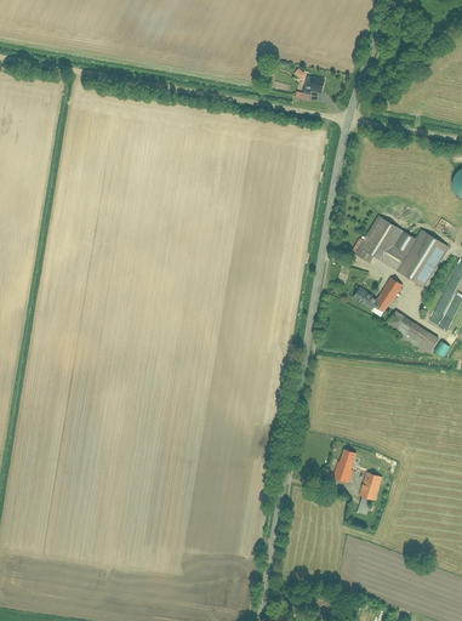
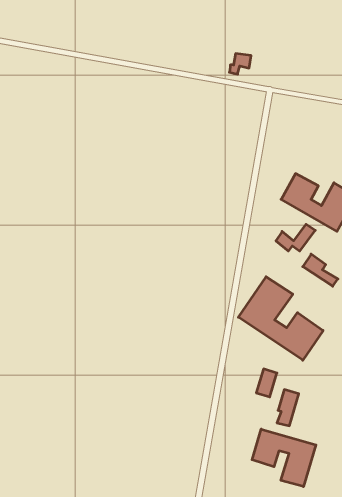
building: none -> [238,277,323,360]
building: none -> [252,429,316,487]

